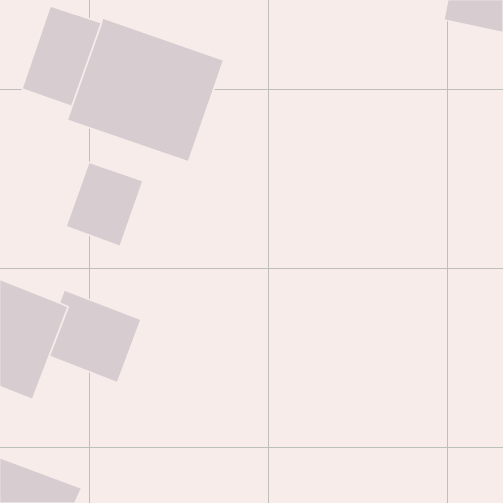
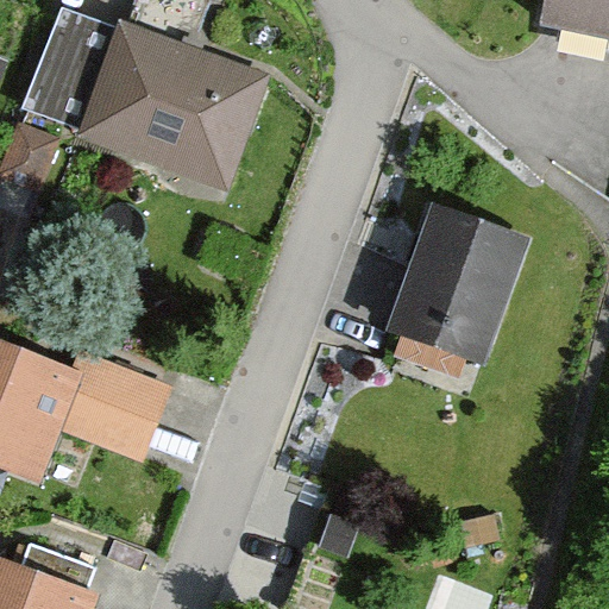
building: [66,162,143,247] -> none
building: none -> [394,220,517,369]

